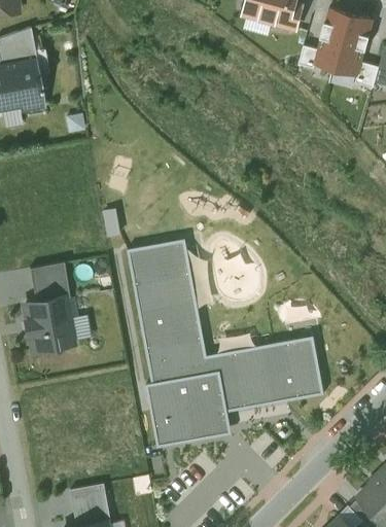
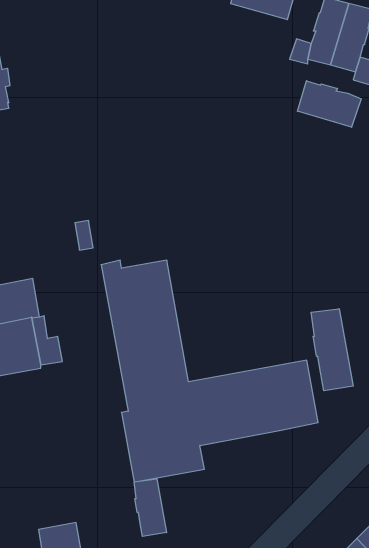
building: none -> [297,81,361,127]
building: none -> [311,309,353,391]
building: none -> [134,479,167,536]

